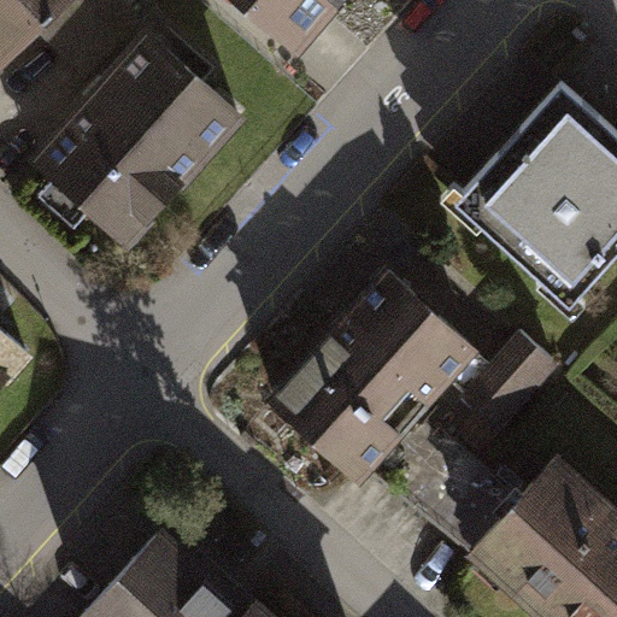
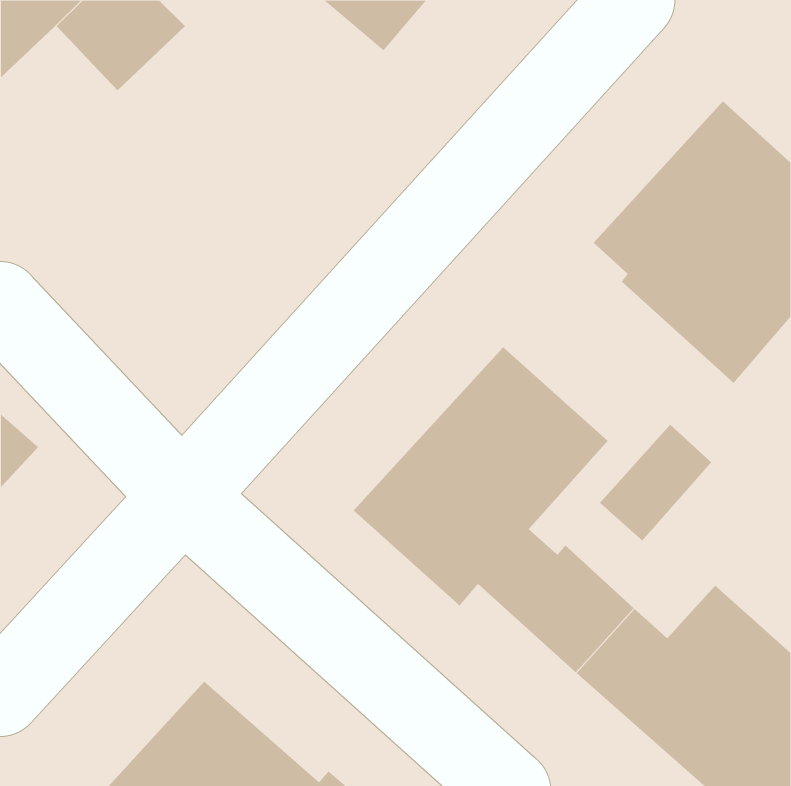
building: [37,35,241,241] -> none

